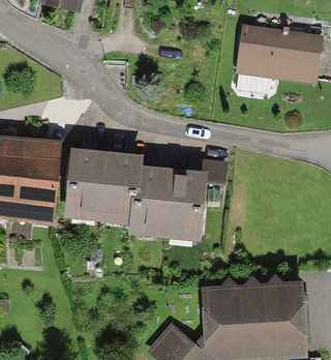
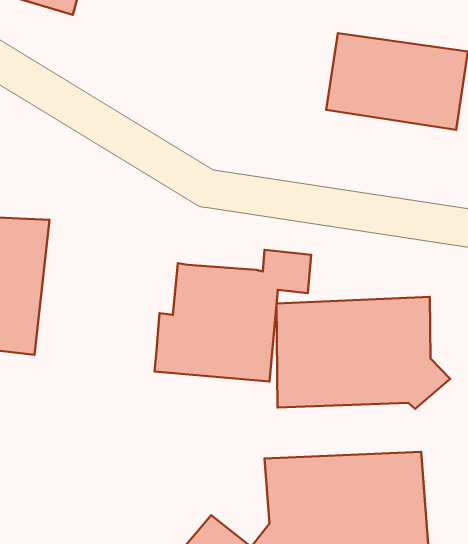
building: [65,150,145,224] -> none
building: none -> [277,297,450,409]

